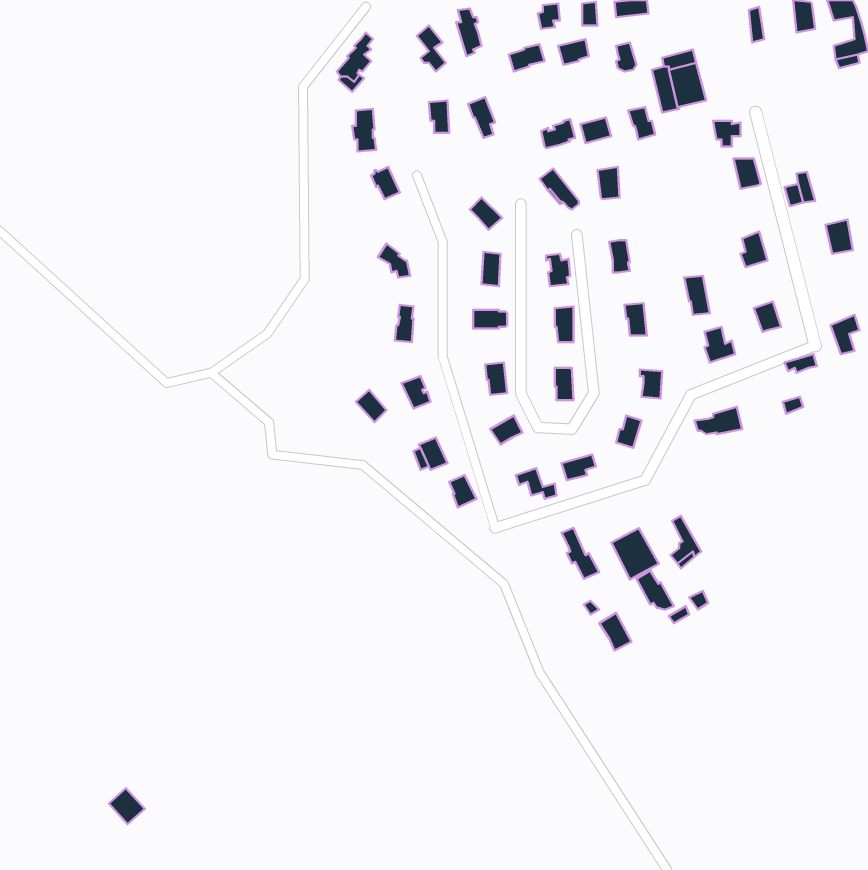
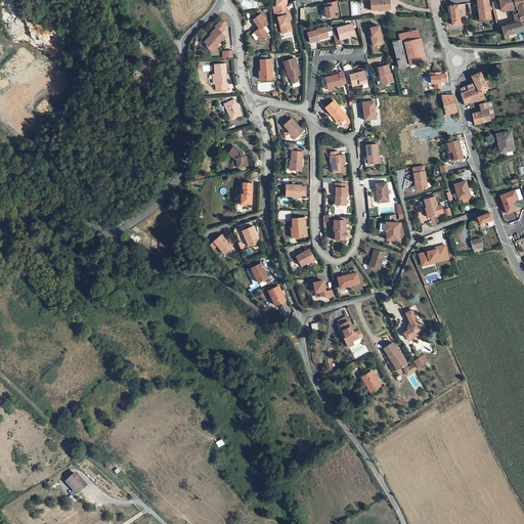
building: none -> [461,72,487,104]
building: [611,528,659,580] -> none

